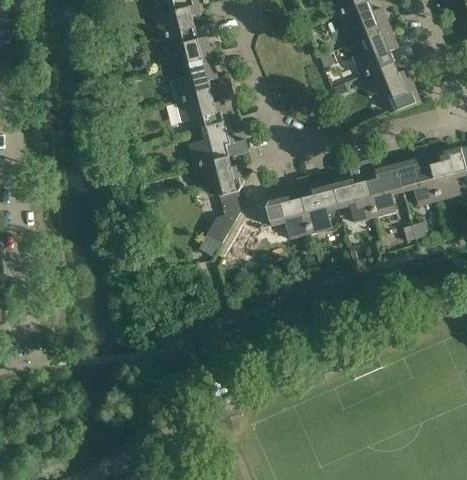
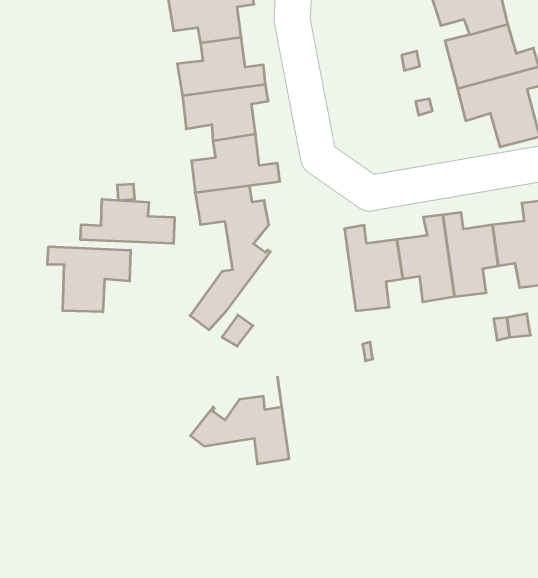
building: none -> [81,199,174,244]
building: [242,179,310,239] -> [190,377,289,464]
building: none -> [47,247,130,312]

